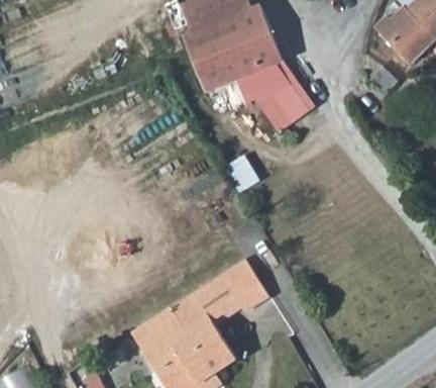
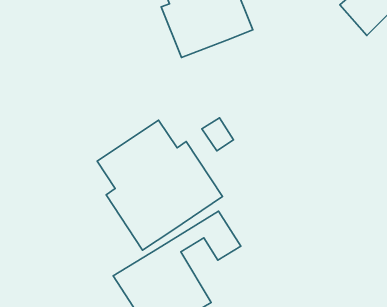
building: [243,61,316,132] -> none
building: none -> [97,120,223,250]

